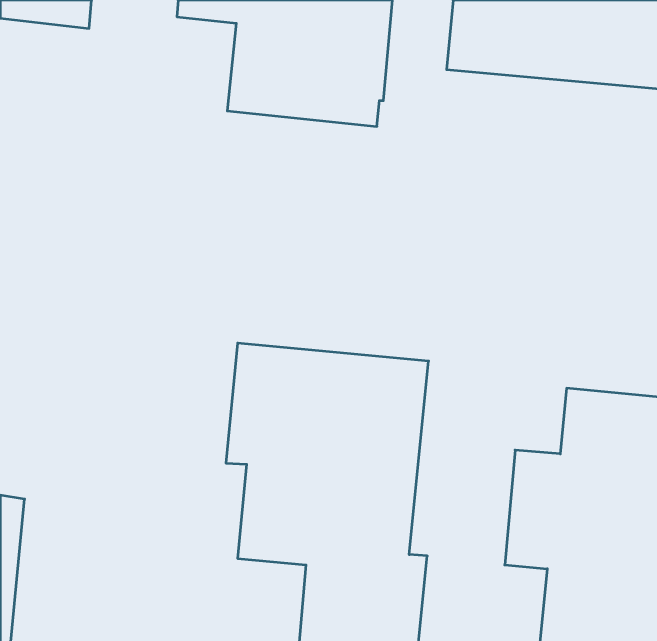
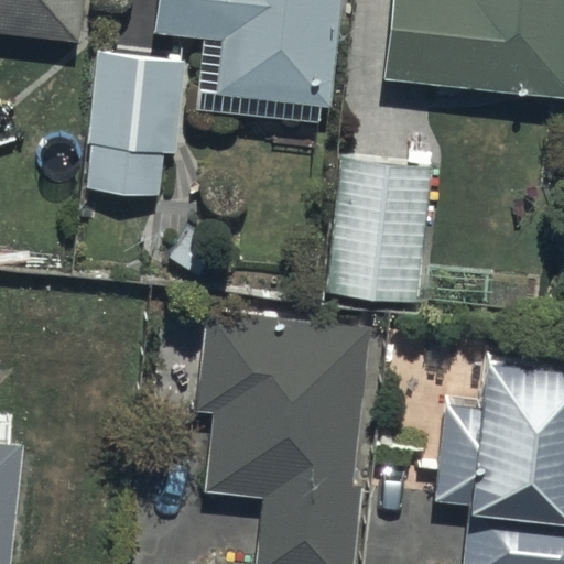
building: none -> [86,50,185,196]
building: none -> [327,159,429,302]

